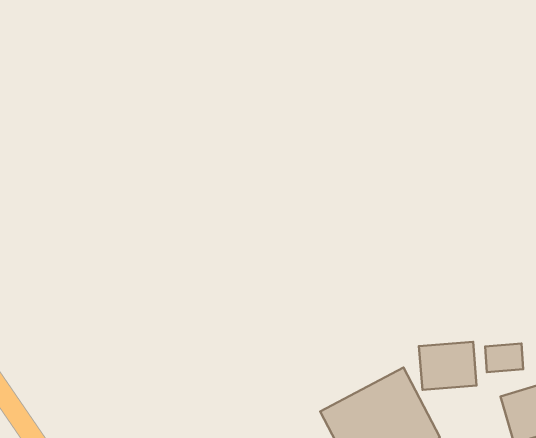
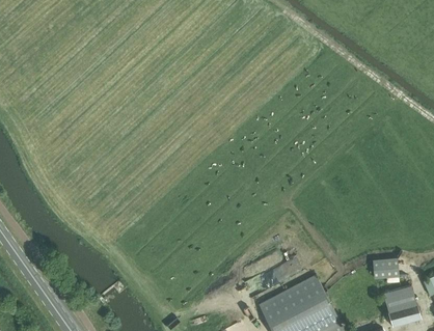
building: [419,342,477,390] -> none

